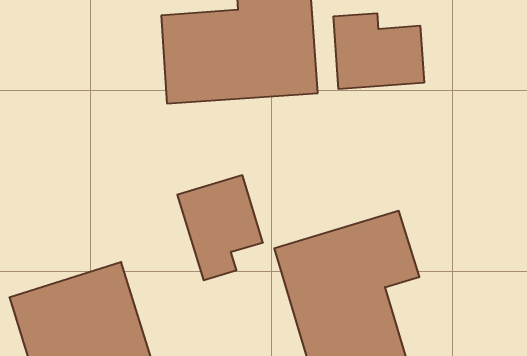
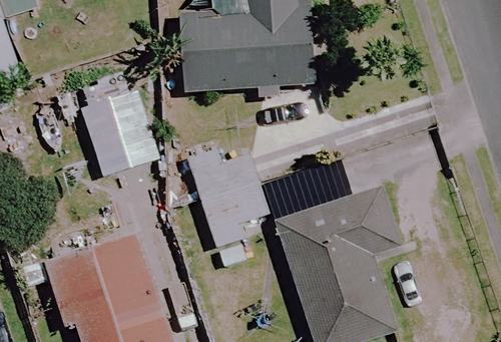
building: [334,13,424,89] -> none
building: none -> [86,93,150,178]

